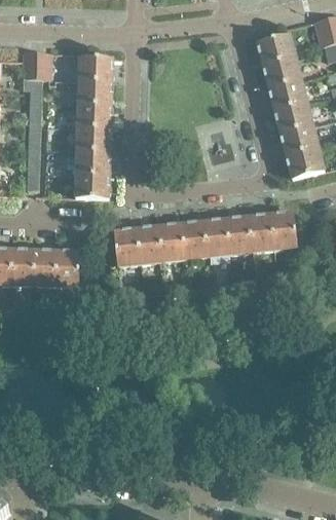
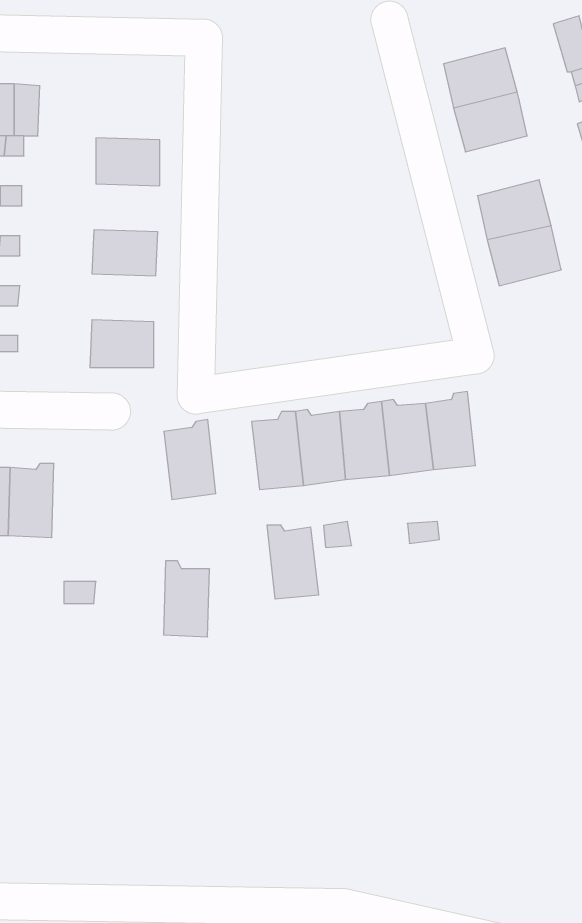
building: [78,57,112,81] -> none
building: [268,79,306,110] -> none
building: [77,104,111,128] -> none
building: [286,148,324,179] -> none
building: [76,150,109,175] -> none
building: [269,210,297,249] -> none
building: [136,225,162,263] -> [267,525,319,599]
building: [55,248,79,287] -> [164,561,210,637]

